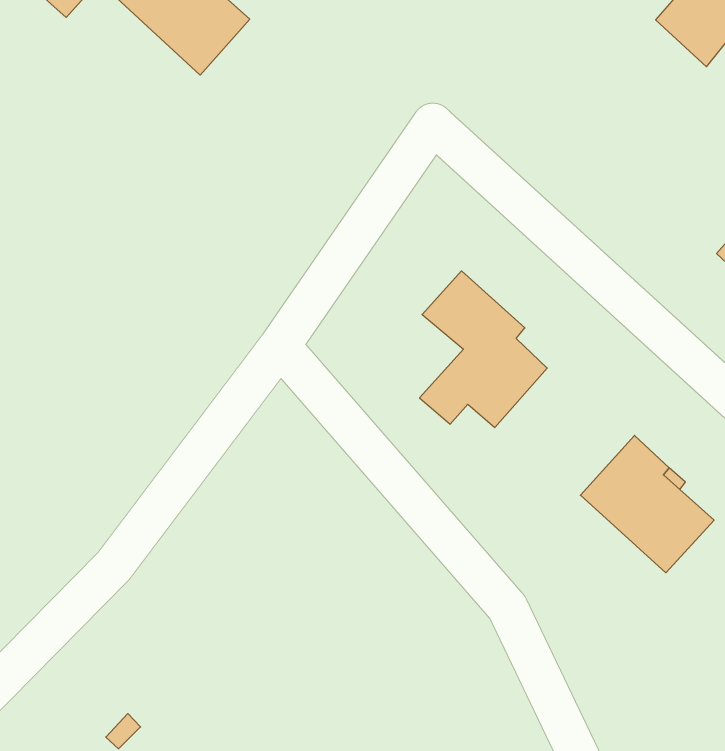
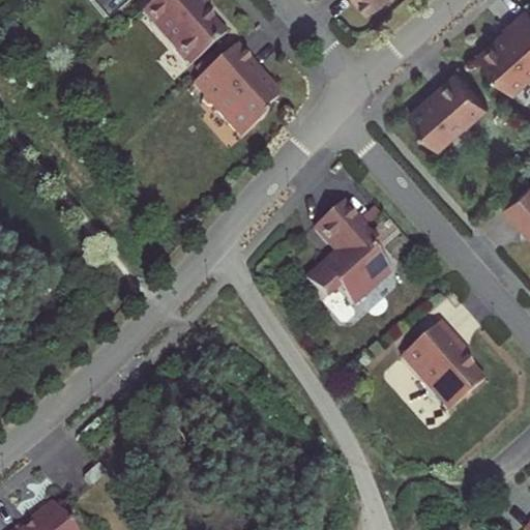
building: none -> [193,40,278,135]
building: none -> [411,73,490,149]

